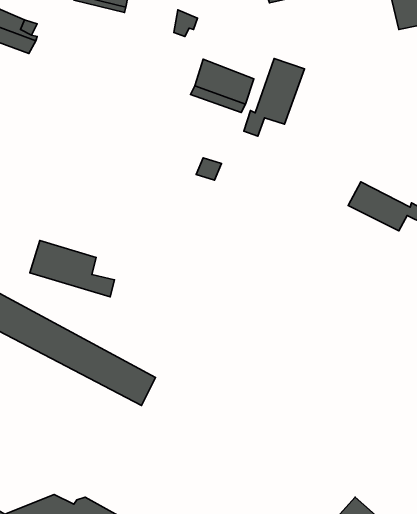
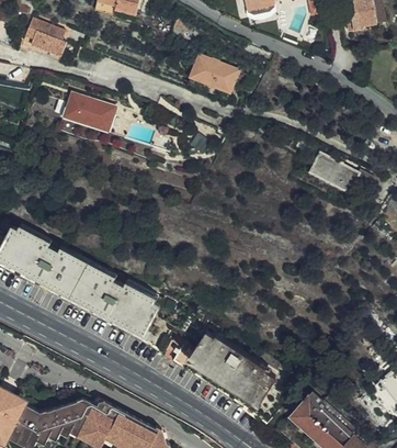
building: [244,58,305,136] -> none
building: [30,241,114,297] -> [65,91,131,135]
building: none -> [193,334,275,400]

